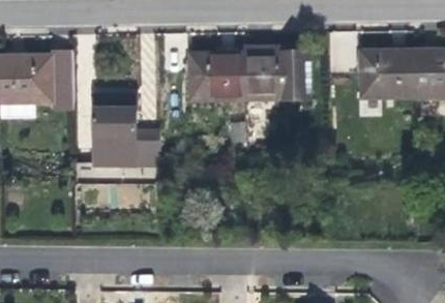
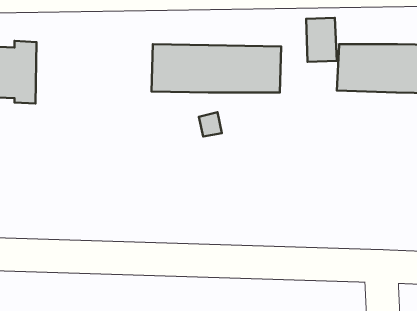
building: [98,98,166,172] -> none

